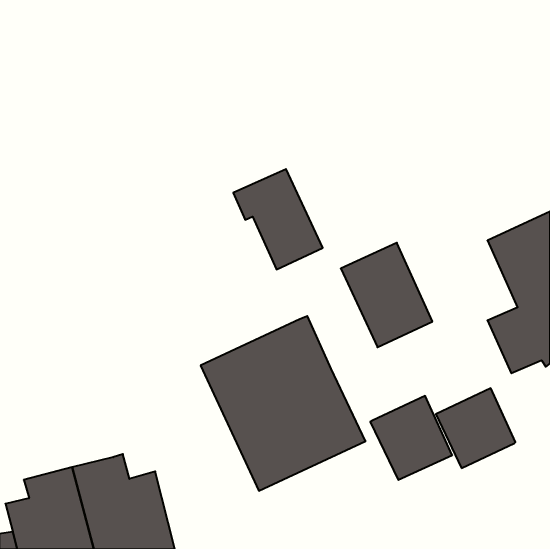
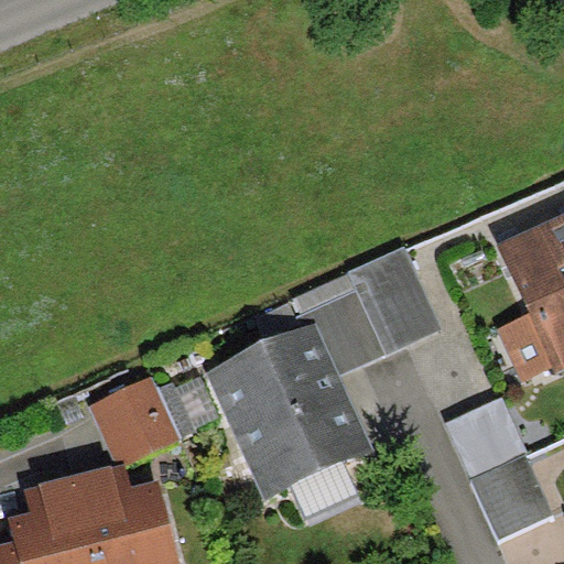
building: [233,169,323,269] -> [294,274,386,377]
building: none -> [88,377,180,467]
building: [370,396,452,480] -> [469,453,553,539]

